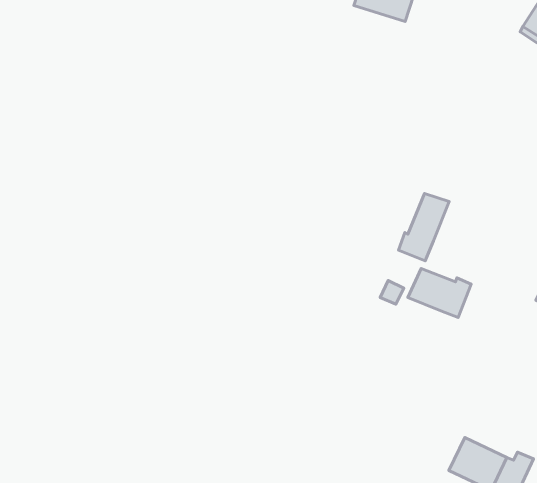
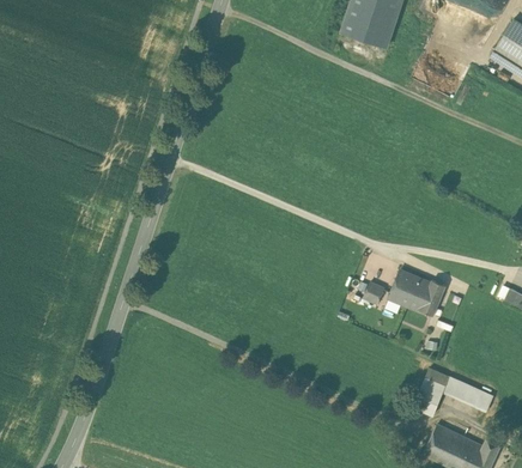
building: [398,194,449,261] -> none
building: none -> [412,366,492,414]

